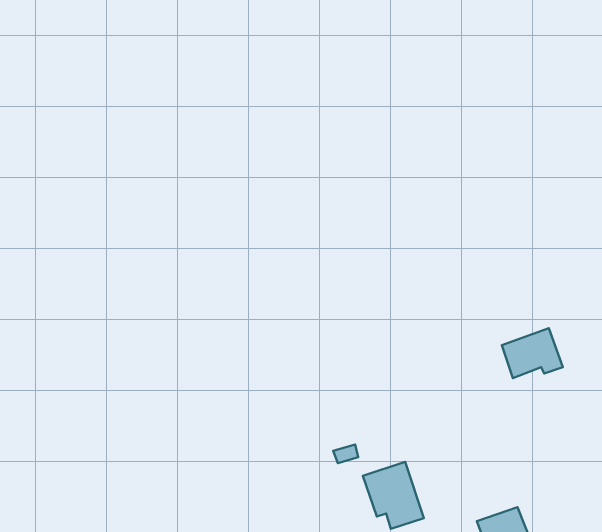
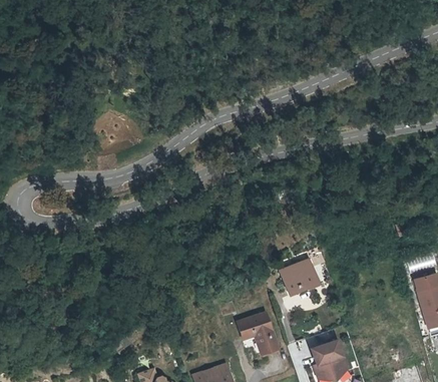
building: [502,328,563,378] -> [281,256,320,288]

